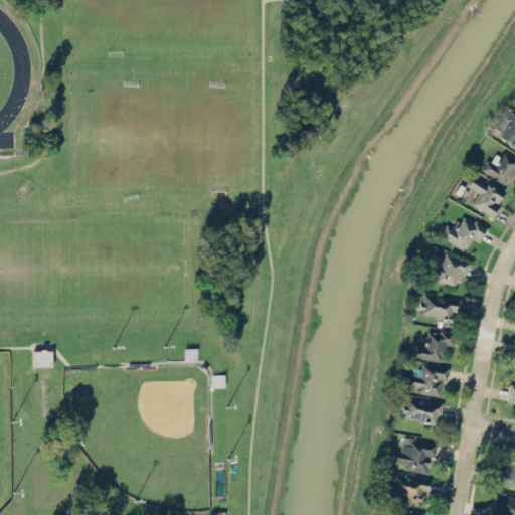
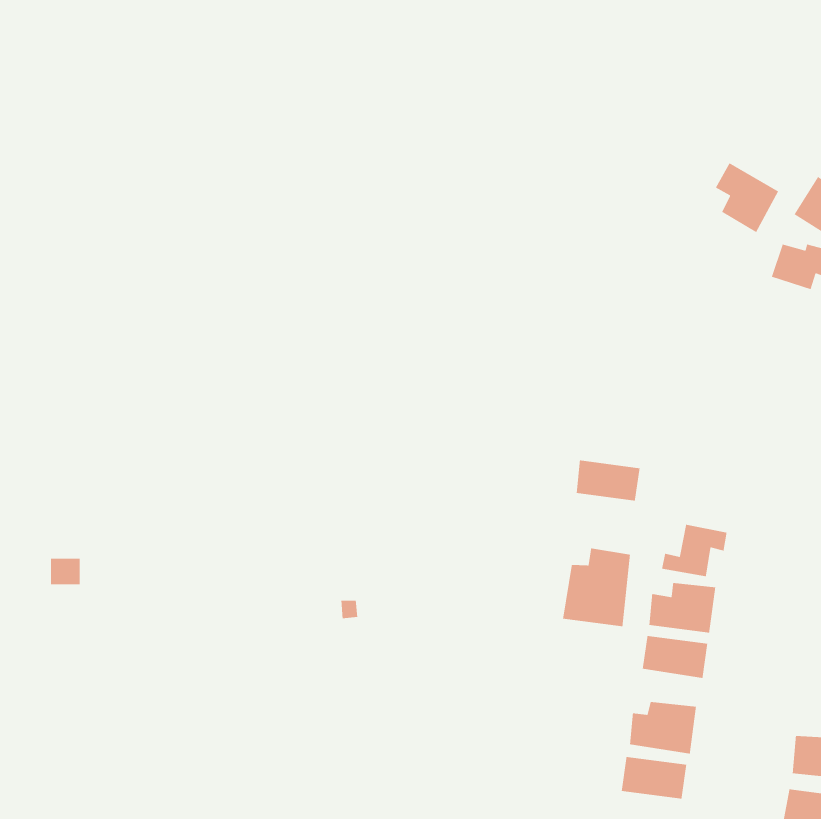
building: [468,175,508,219] -> [715,162,779,233]
building: [440,216,488,250] -> none
building: [432,255,470,291] -> none
building: [420,296,461,322] -> [576,460,640,502]
building: none -> [562,548,631,627]

